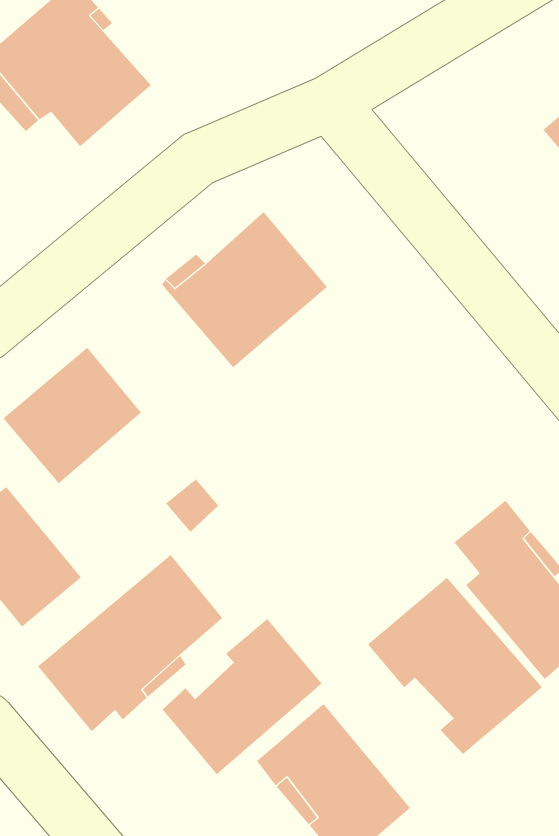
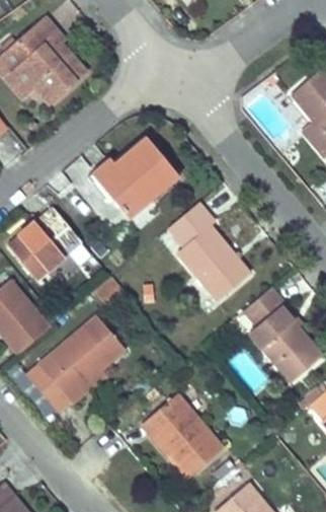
building: none -> [170,203,250,301]
building: [367,577,543,755] -> none
building: [162,618,322,775] -> none

